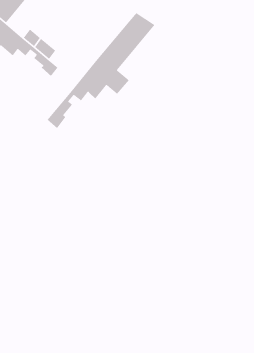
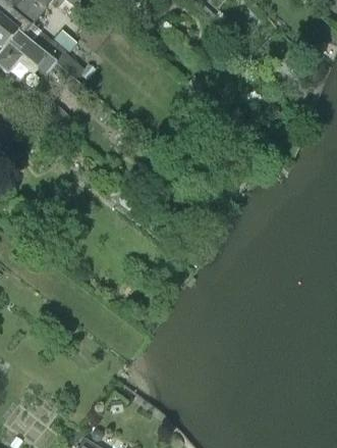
building: [47,12,156,129] -> none

